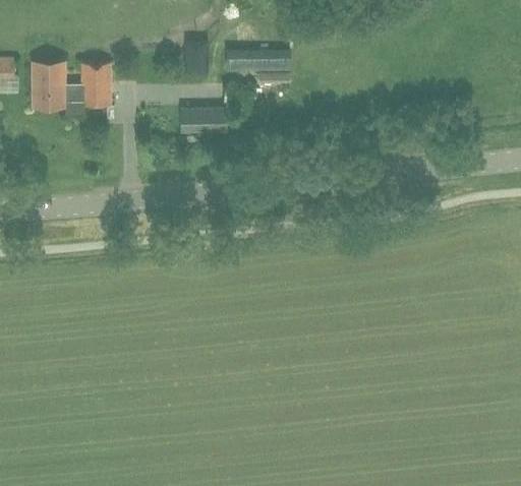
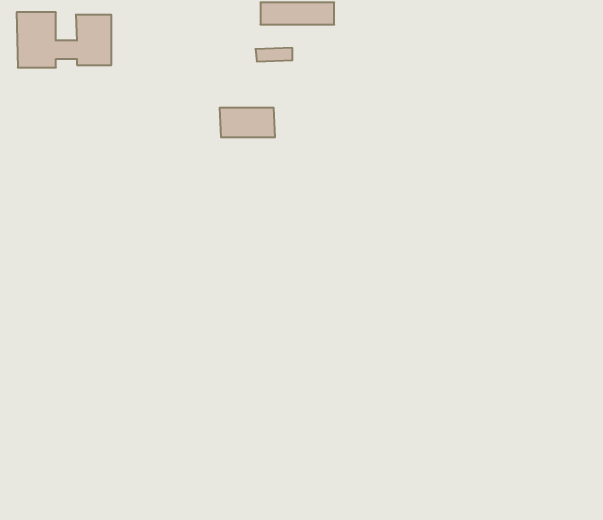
building: [179,109,225,133] -> [220,108,275,137]

